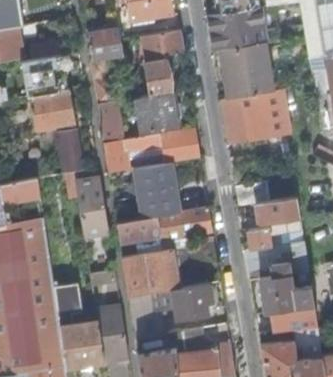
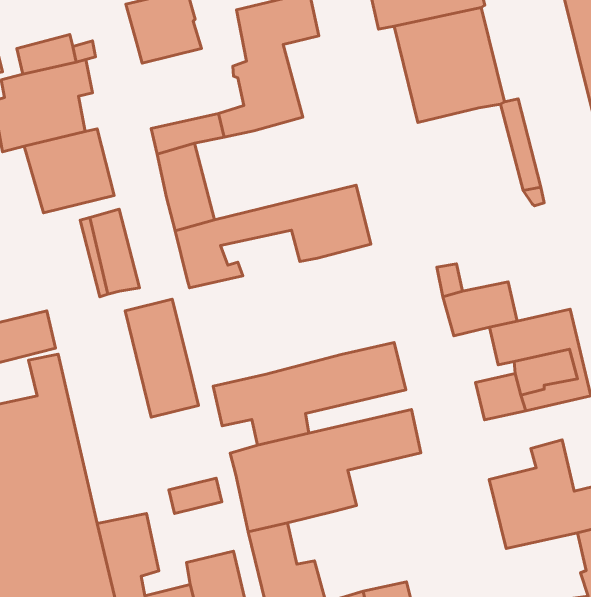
building: [146,91,176,130] -> none
building: [220,93,266,144] -> none
building: [135,162,181,218] -> none
building: [172,283,212,318] -> none

